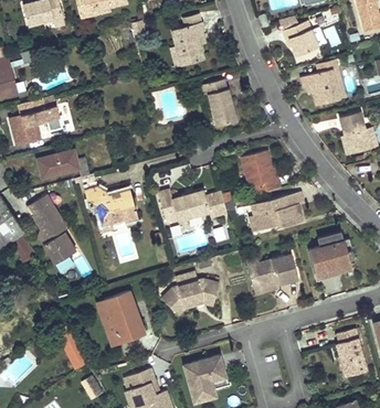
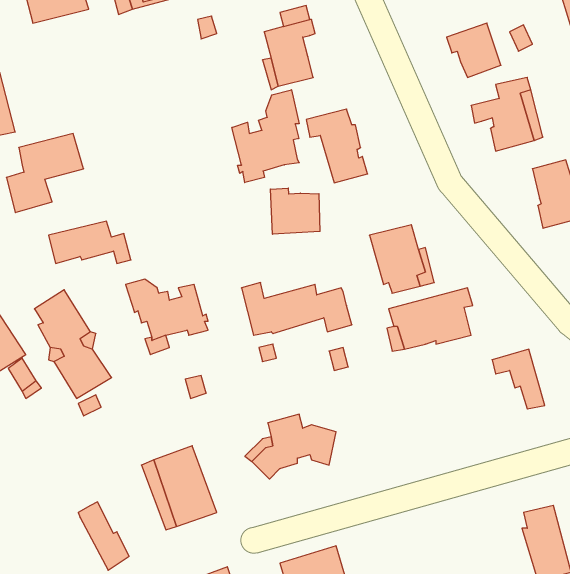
building: none -> [232,90,299,183]
building: none -> [270,188,320,234]
building: [307,244,340,280] -> none
building: [247,253,298,289] -> none

